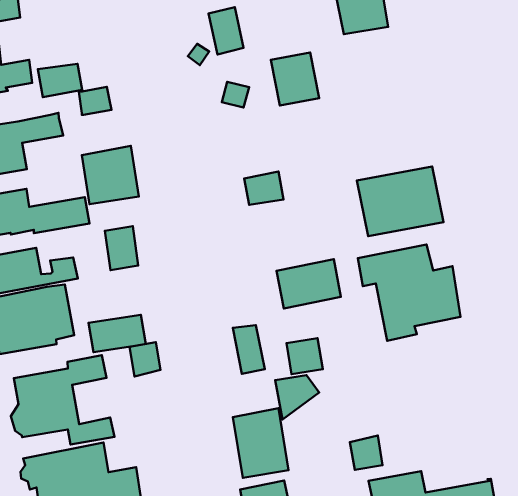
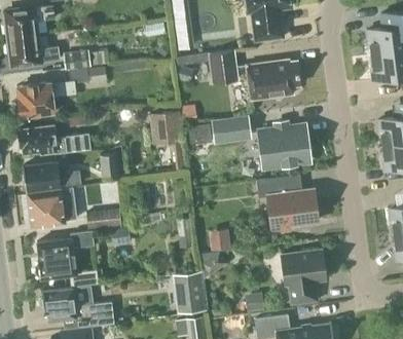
building: none -> [246,60,300,100]
building: [82,146,139,204] -> [149,110,183,145]
building: [277,259,341,308] -> [212,115,251,144]
building: none -> [281,250,326,303]

